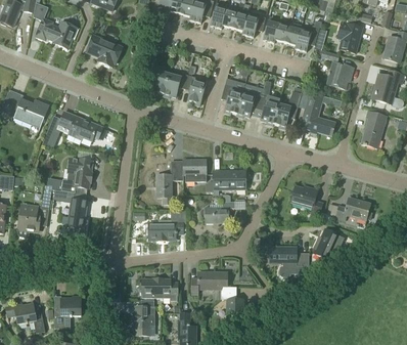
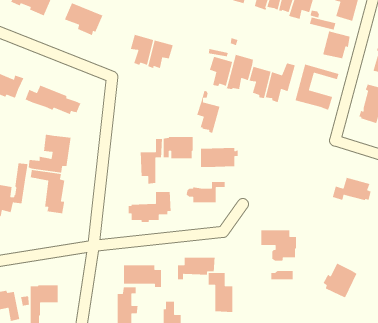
building: [184,64,207,105] -> [196,90,220,134]
building: [291,186,322,215] -> none
building: [312,228,345,262] -> [322,262,358,299]

